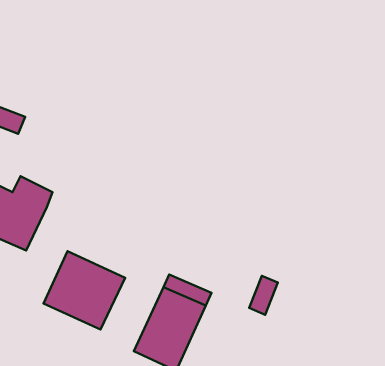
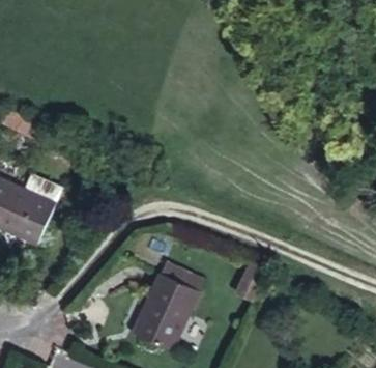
building: [43,251,125,329] -> none

